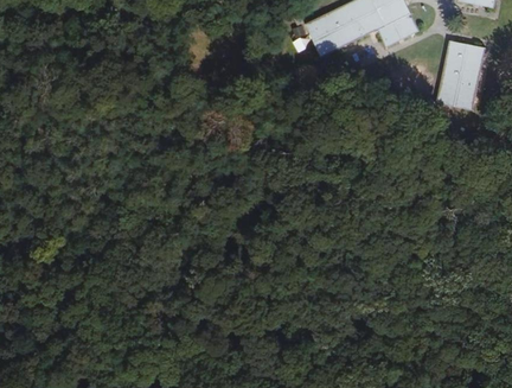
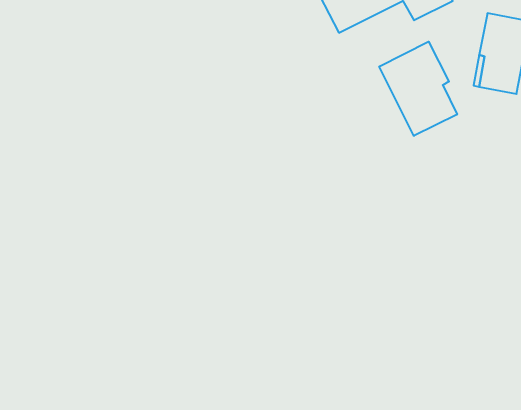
building: none -> [379,42,457,136]

